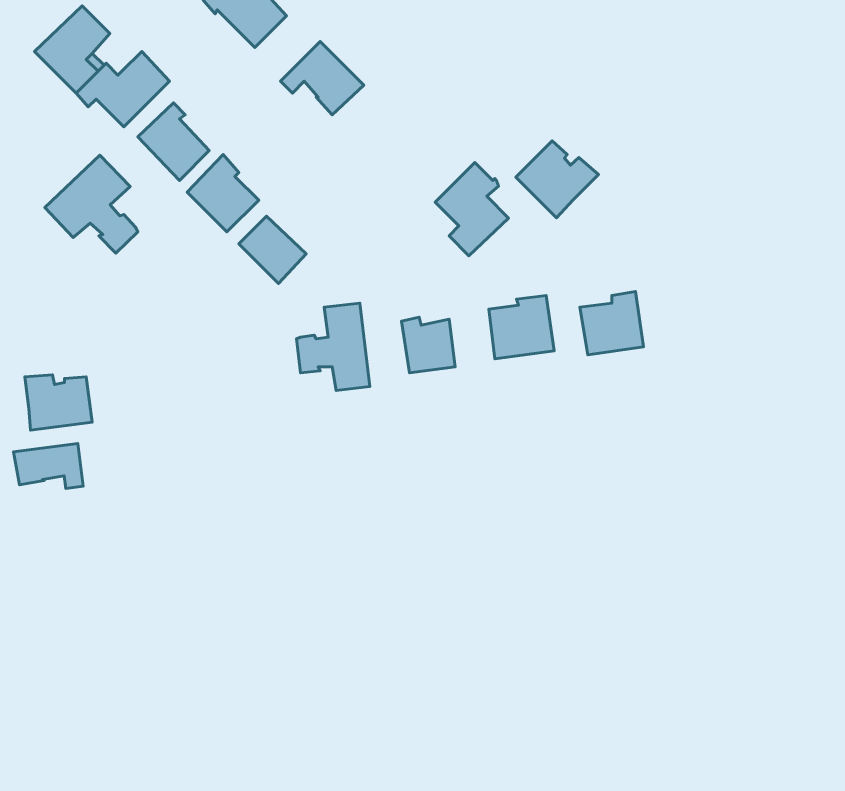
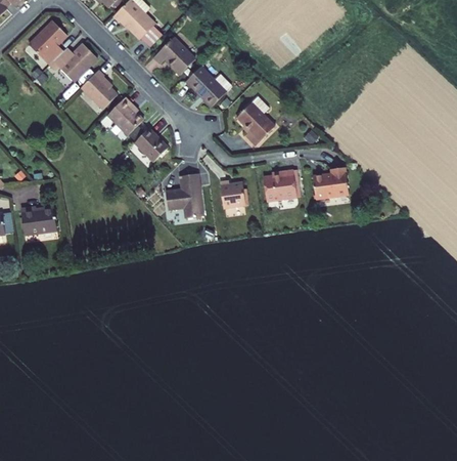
building: none -> [186,66,227,102]
building: [516,141,598,218] -> none
building: [45,155,138,253] -> none
building: [14,444,83,489] -> none

